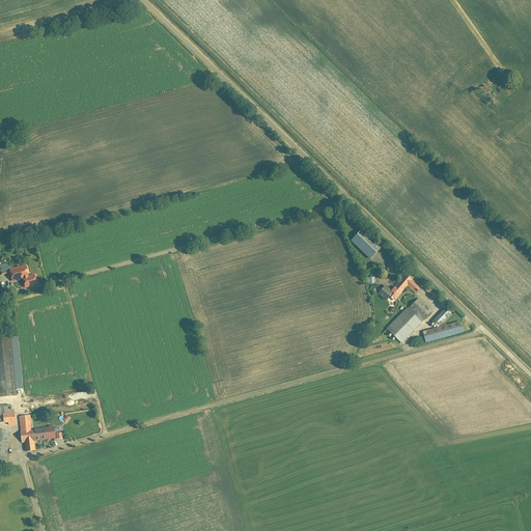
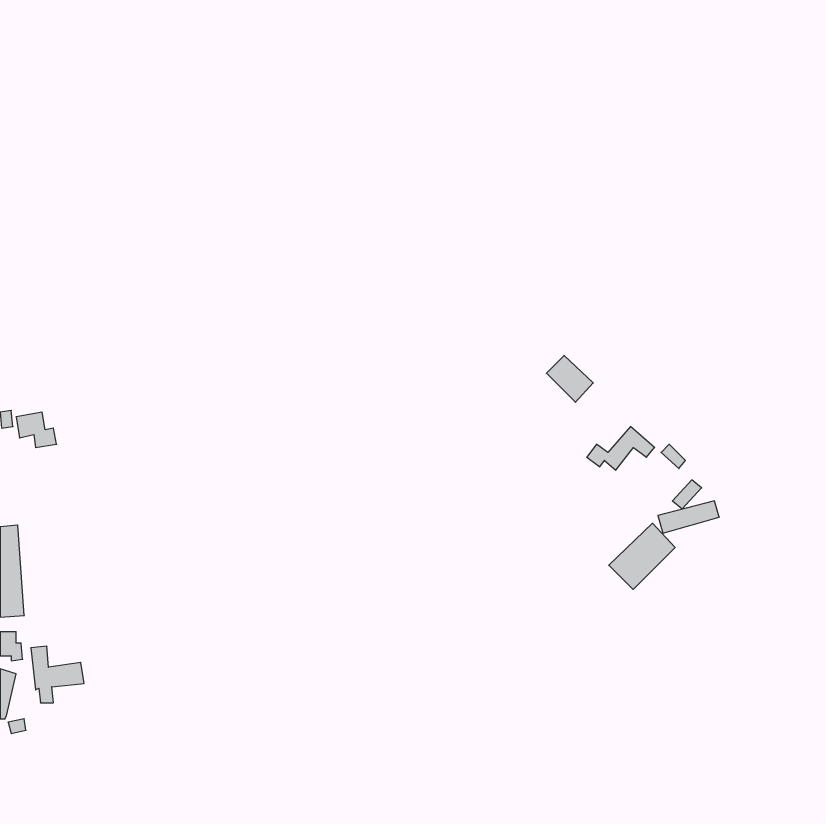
building: [385,302,427,344] -> [609,523,675,589]

